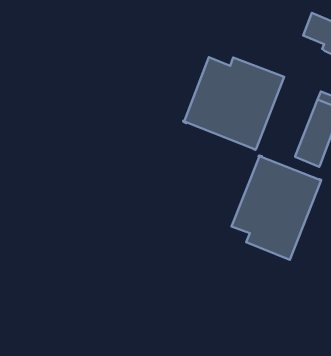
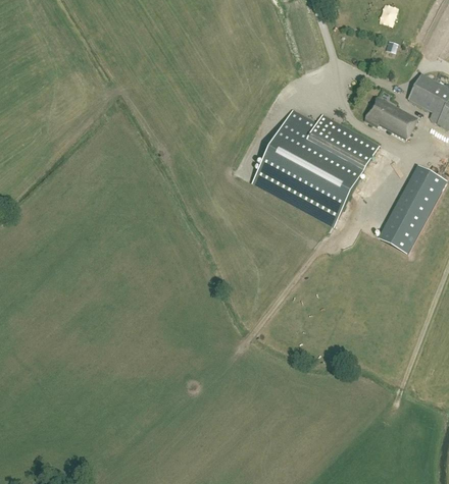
building: none -> [363,95,416,138]
building: [231,156,321,260] -> none

